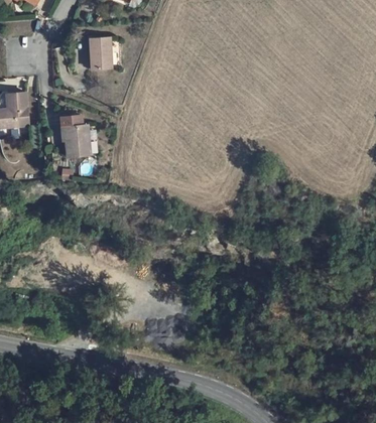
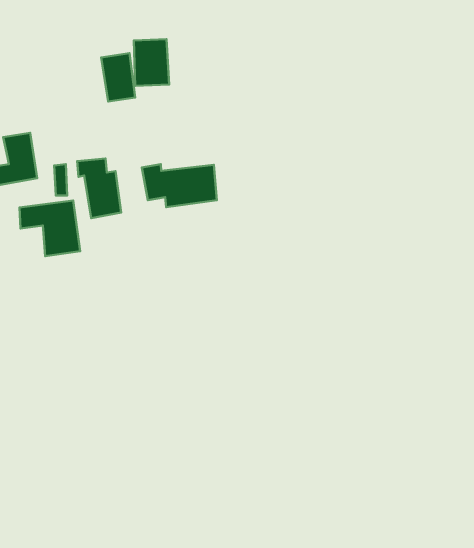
building: none -> [142,164,217,207]
building: none -> [19,201,80,256]

